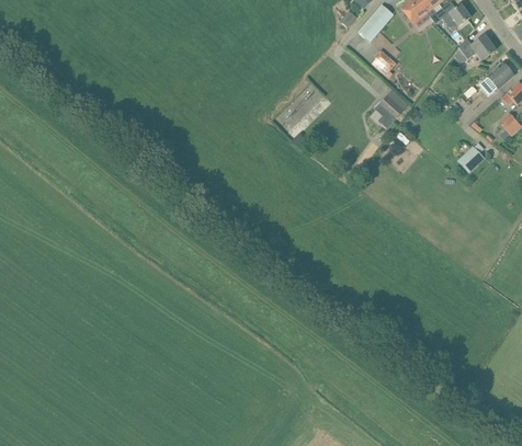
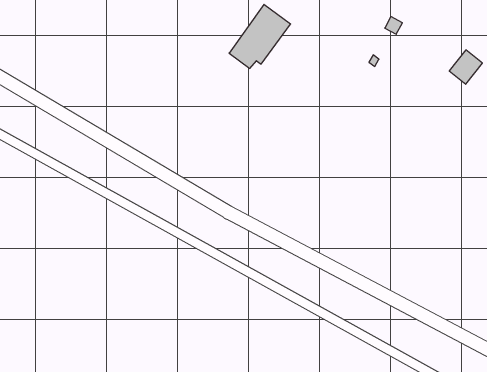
building: [377,94,407,128] -> none

